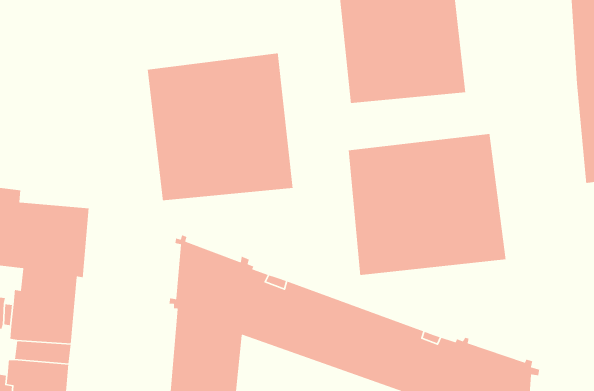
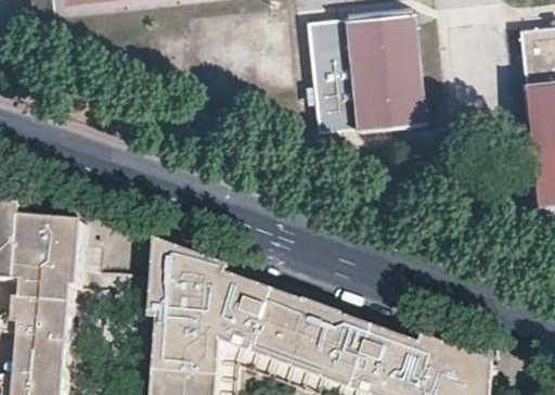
building: [147,53,294,201] -> none
building: [348,133,506,276] -> none

